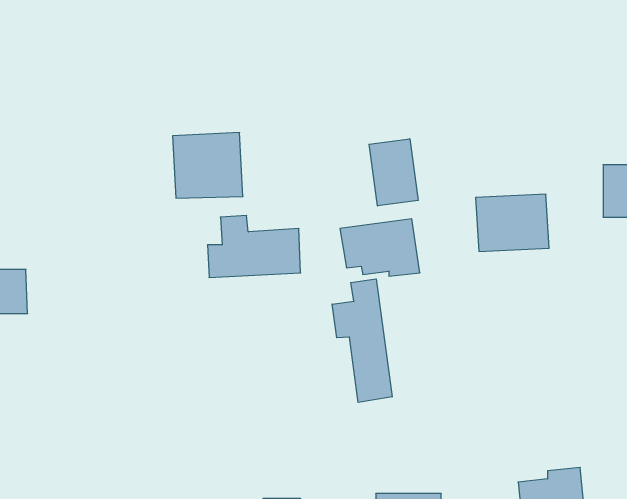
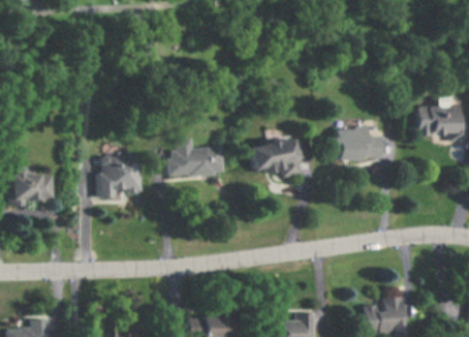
building: [173,133,243,198] -> [98,153,143,194]
building: [369,139,418,206] -> none
building: [332,279,392,402] -> none

